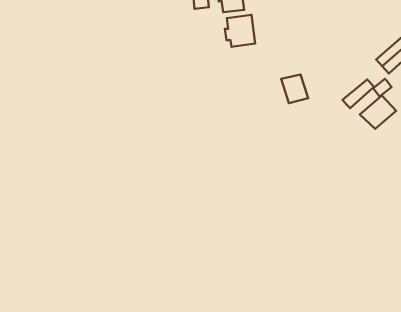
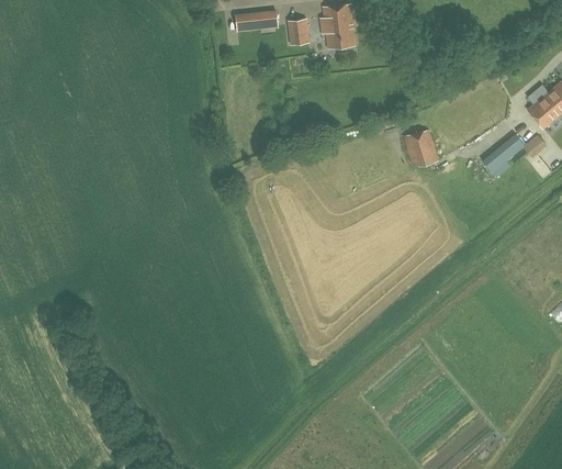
building: [225,15,255,47] -> none
building: [360,96,396,129] -> none

